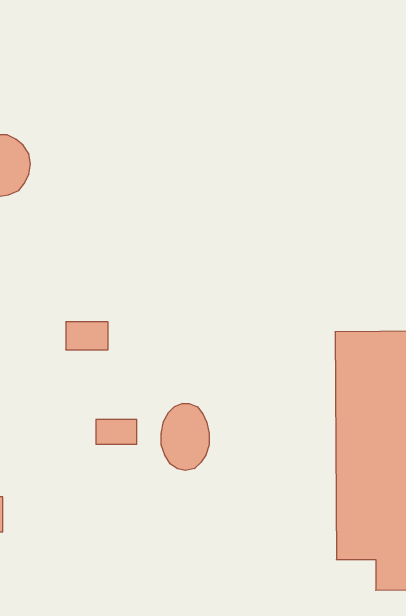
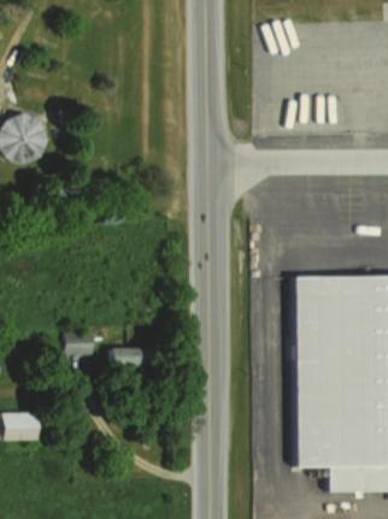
building: [66,322,108,350] -> [58,334,93,356]
building: [161,403,209,470] -> none

